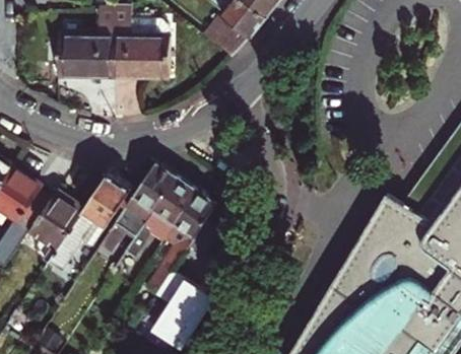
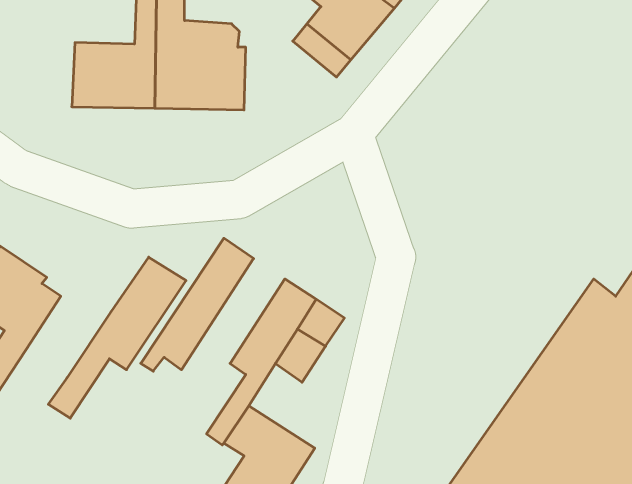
building: [131,175,198,261] -> none
building: [30,192,85,253] -> none

